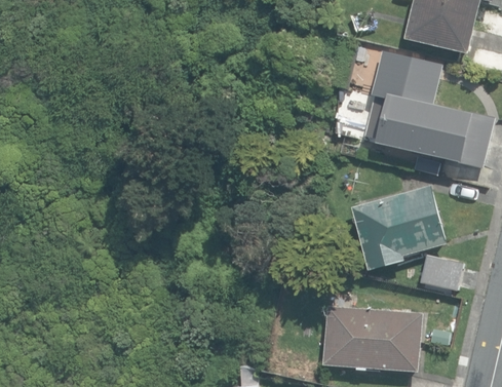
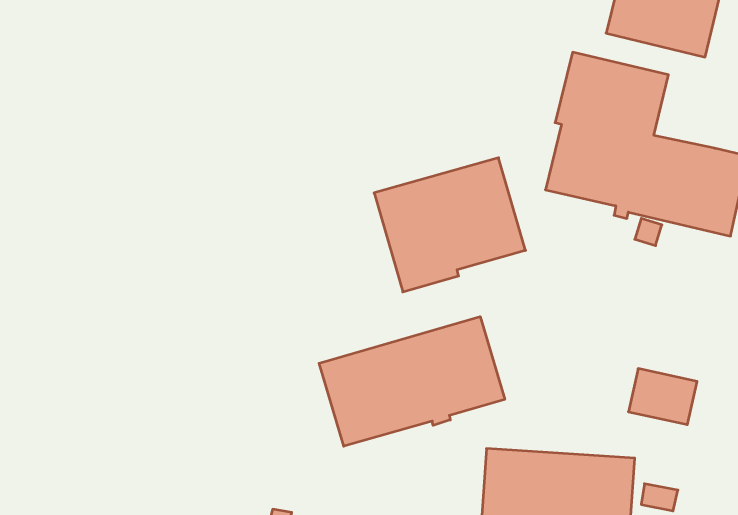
building: [349,184,447,270] -> [374,158,526,292]
building: none -> [319,317,505,446]

